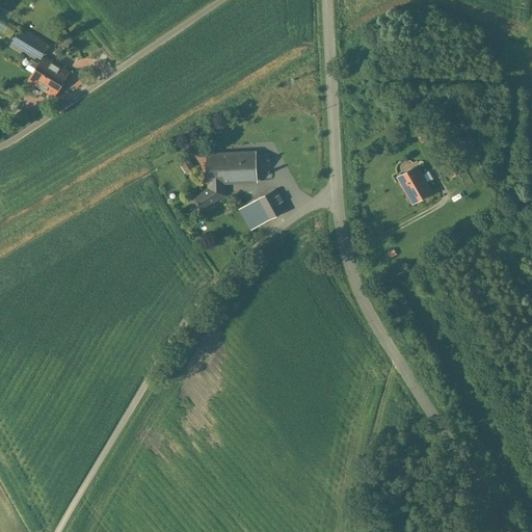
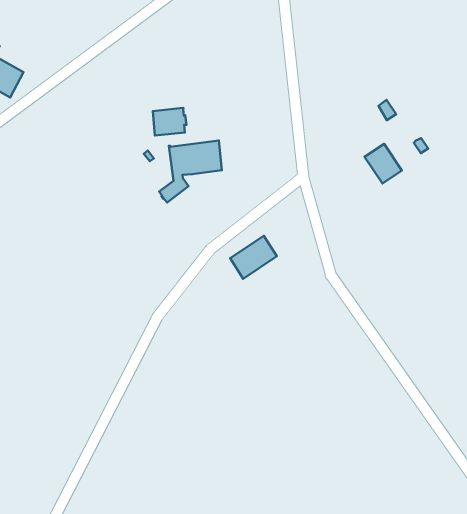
building: none -> [153,108,187,136]
building: [241,188,287,229] -> [230,236,277,279]

